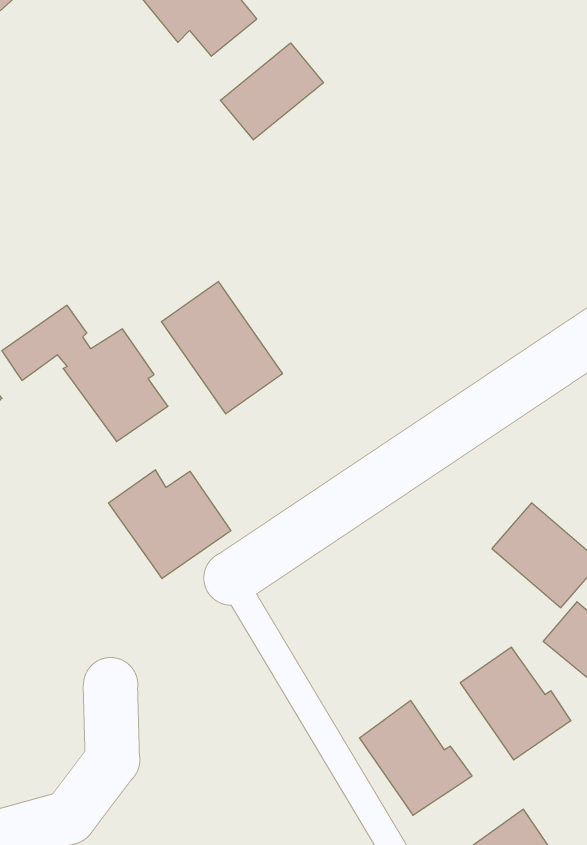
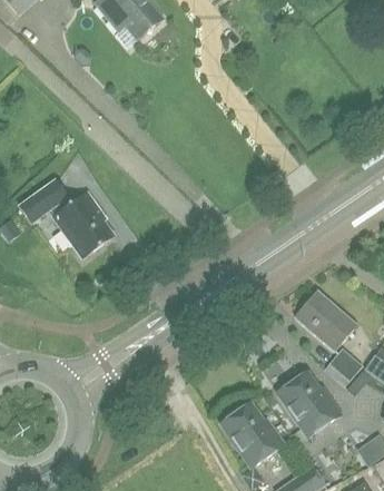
building: [220,43,323,140] -> none
building: [161,281,282,414] -> none
building: [109,470,231,579] -> none

